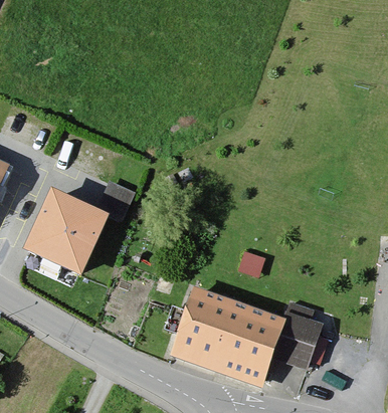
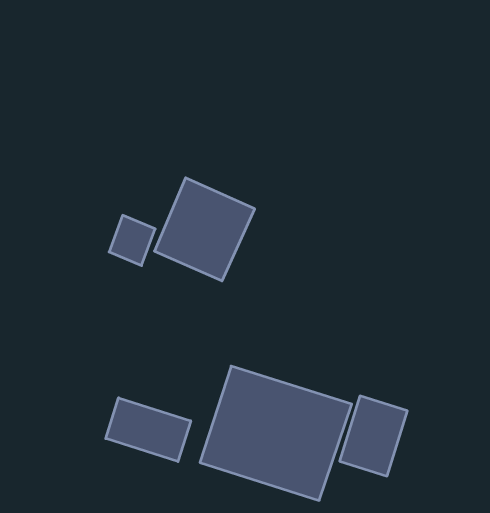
building: [32,191,107,267] -> [154,178,255,281]
building: none -> [106,398,191,462]

